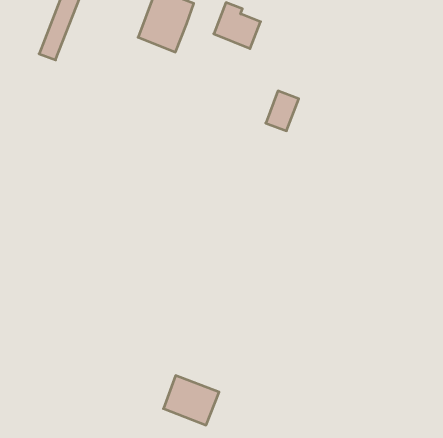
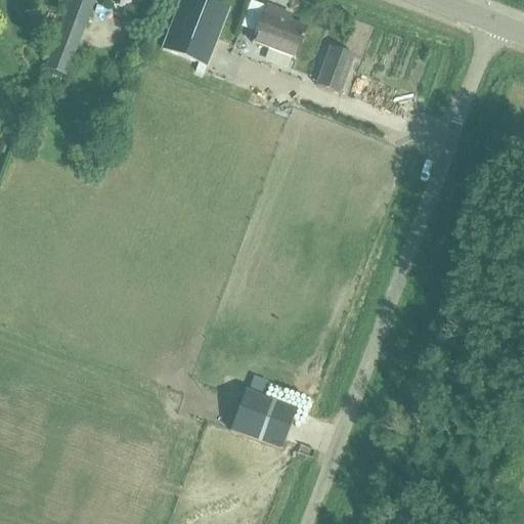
building: [266,91,299,131] -> [316,42,355,89]
building: [163,376,219,425] -> [231,387,297,445]

